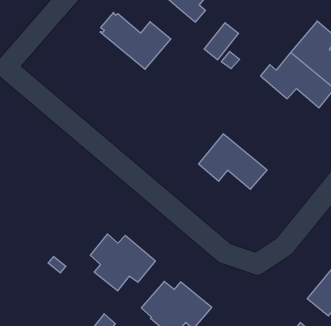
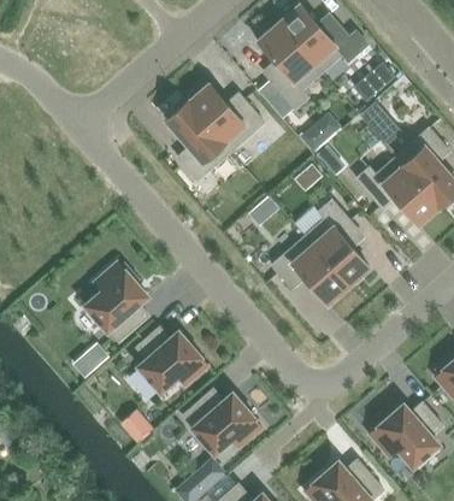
building: none -> [359,102,401,146]
building: none -> [166,101,230,179]
building: none -> [305,200,368,284]
building: none -> [84,261,148,341]

